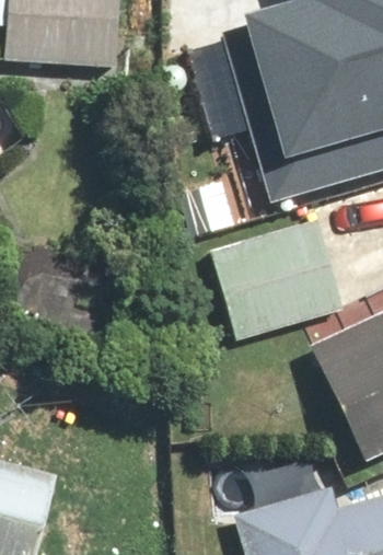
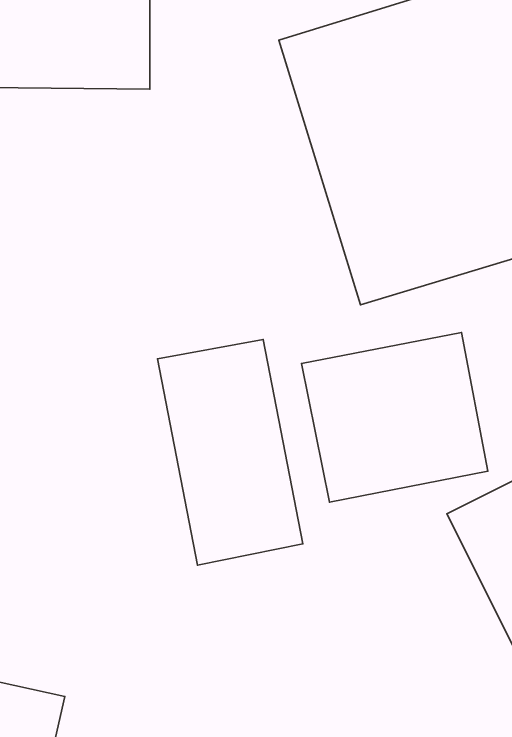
building: none -> [158,340,303,565]

